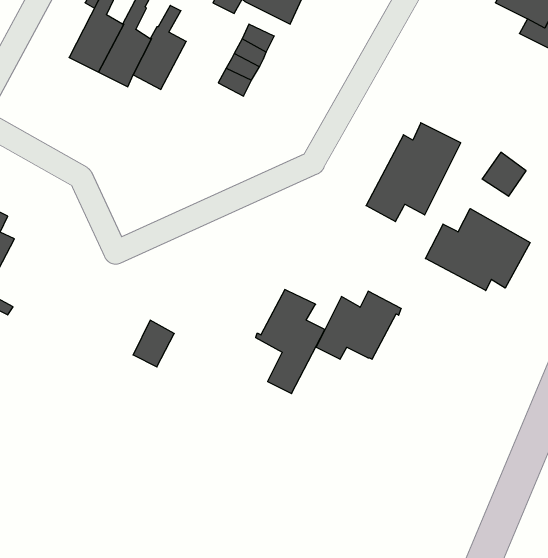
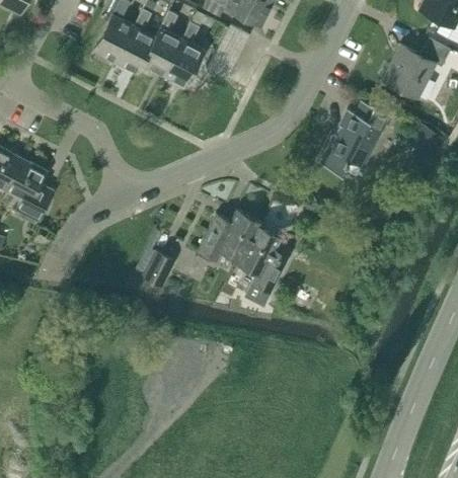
building: none -> [163,22,205,87]
building: none -> [381,38,450,99]
building: [425,209,530,291] -> none
building: [316,291,401,359] -> [197,211,261,262]

